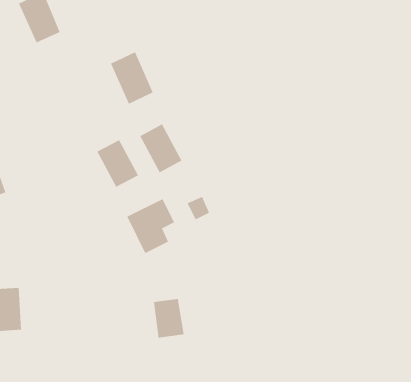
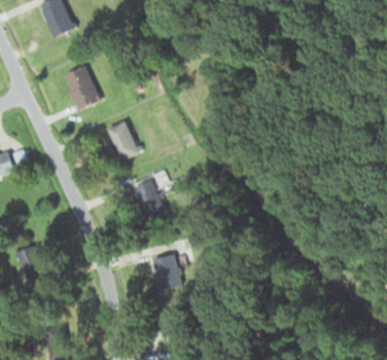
building: [110,52,154,105] -> [64,65,101,110]
building: [140,123,182,173] -> none

